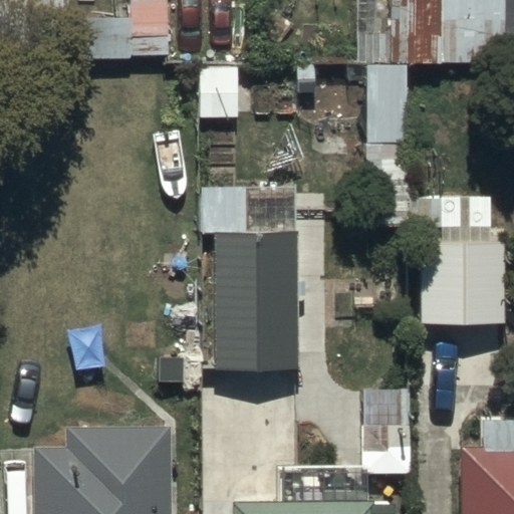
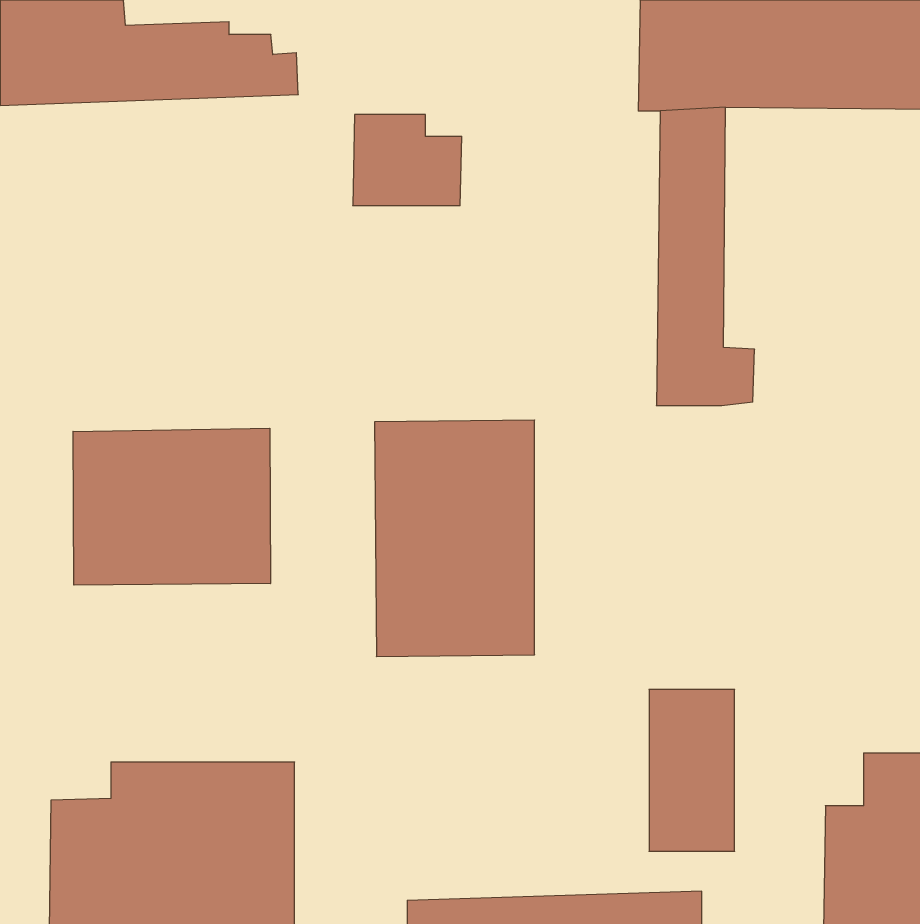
building: [420,196,505,320] -> none
building: none -> [73,428,270,585]

